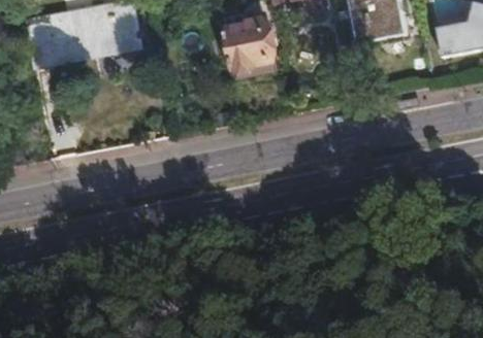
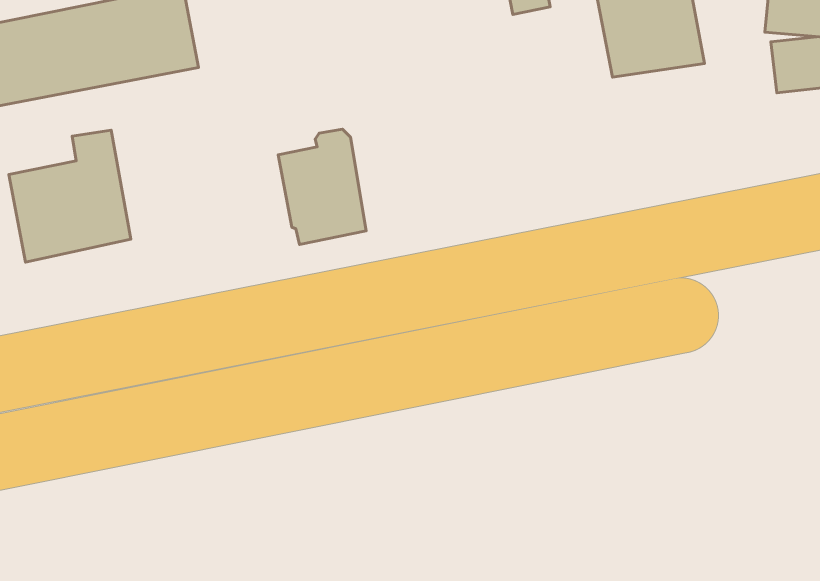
building: [223,15,269,76] -> [278,129,366,245]
building: none -> [9,130,131,262]

